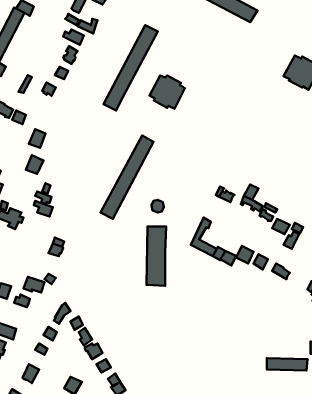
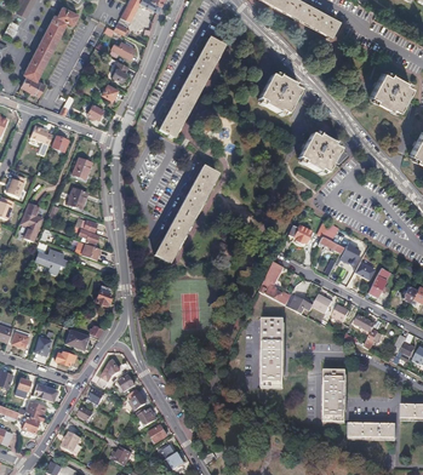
building: [150,76,185,109] -> [258,74,299,113]
building: none -> [298,132,339,171]
building: [147,227,166,286] -> [262,319,285,388]
building: none -> [324,370,347,422]

